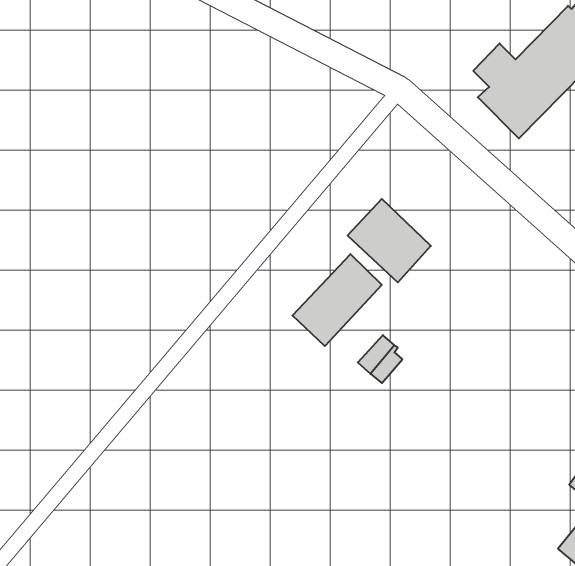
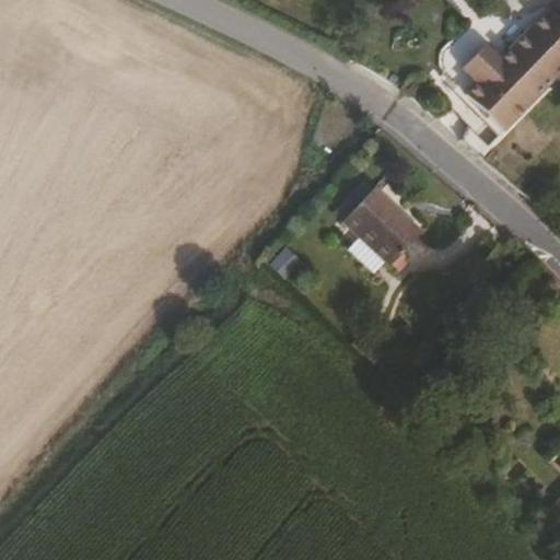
building: [292,254,382,346] -> none

